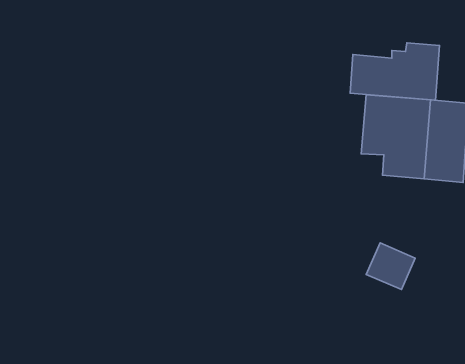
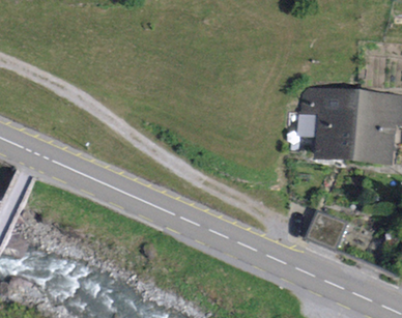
building: [350,43,439,100] -> none

